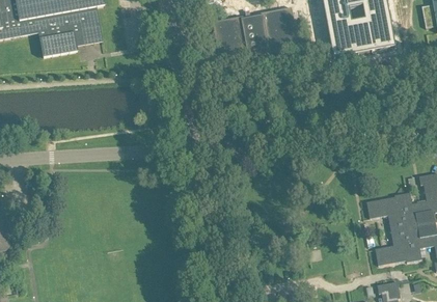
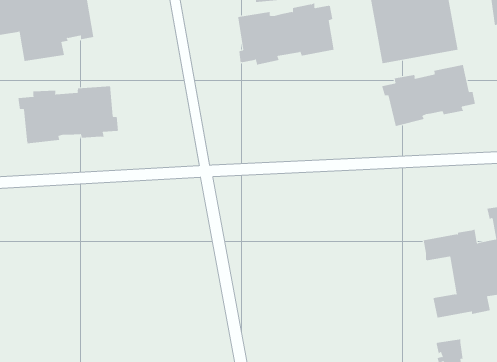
building: none -> [382,64,476,127]
building: none -> [18,86,118,144]

